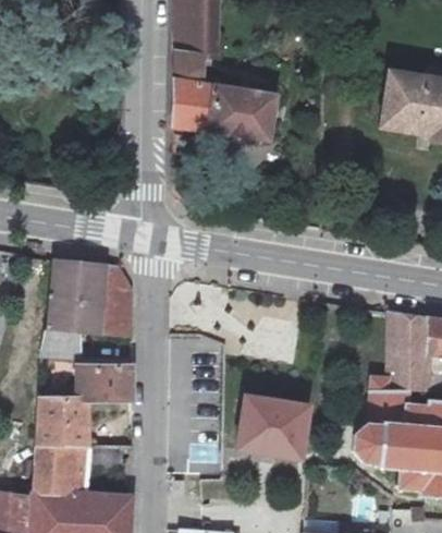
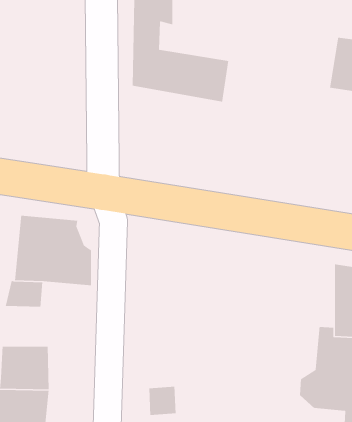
building: [76,365,132,399] -> none
building: [237,393,309,459] -> none

